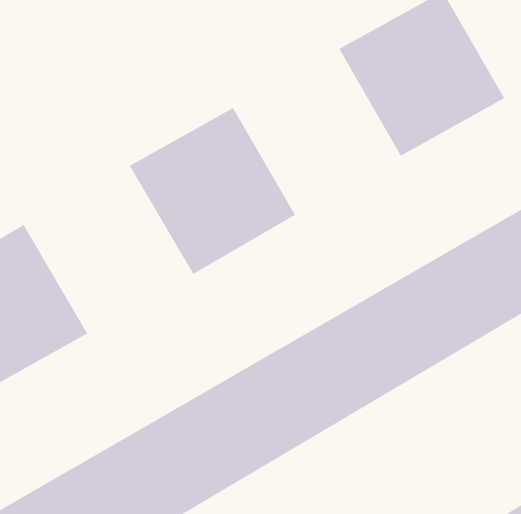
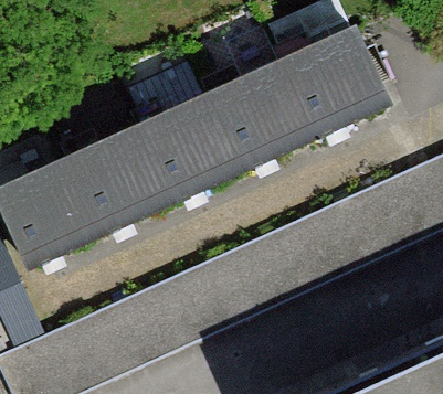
building: none -> [209,64,314,169]
building: none -> [65,126,171,232]

